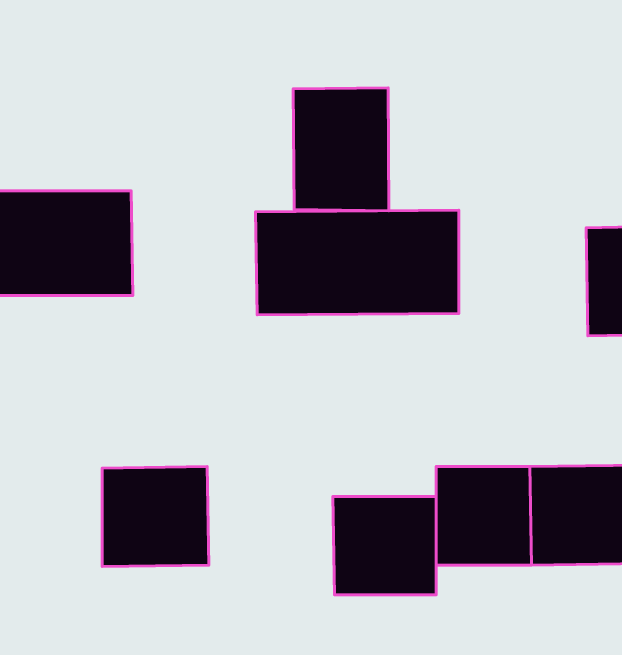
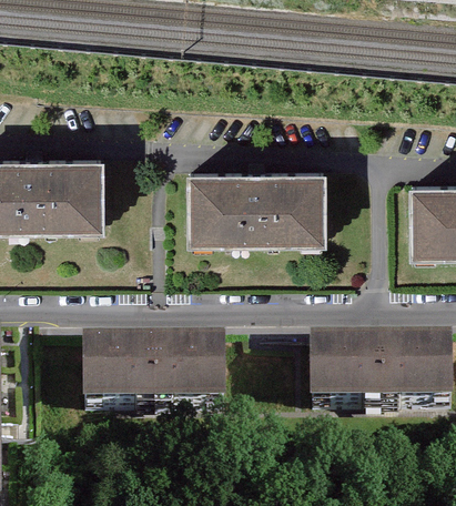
building: [293,88,389,211] -> none
building: [333,497,436,595] -> [153,345,224,413]

